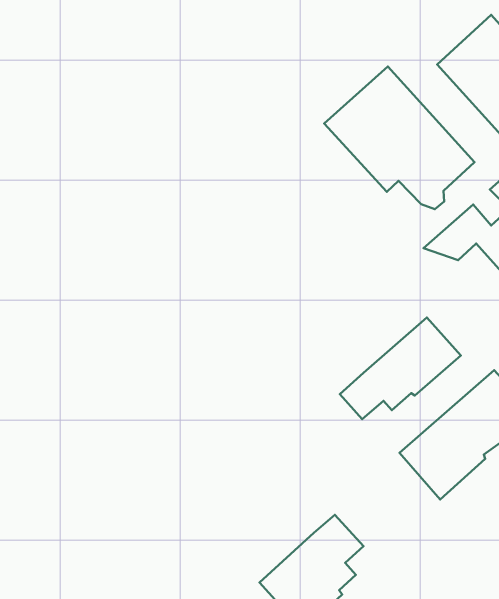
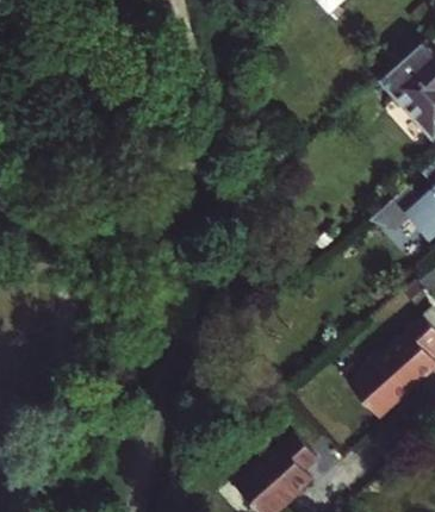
building: [324,66,474,209] -> none
building: [340,317,461,419] -> none

